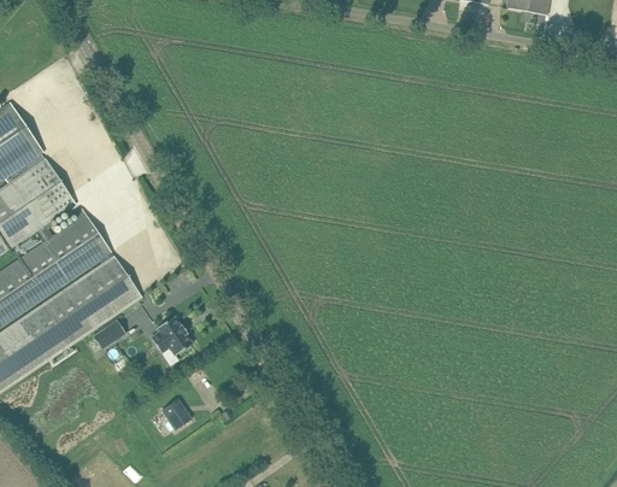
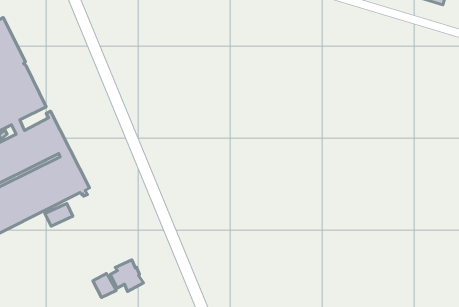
building: [151,315,193,354] -> [110,260,143,292]

